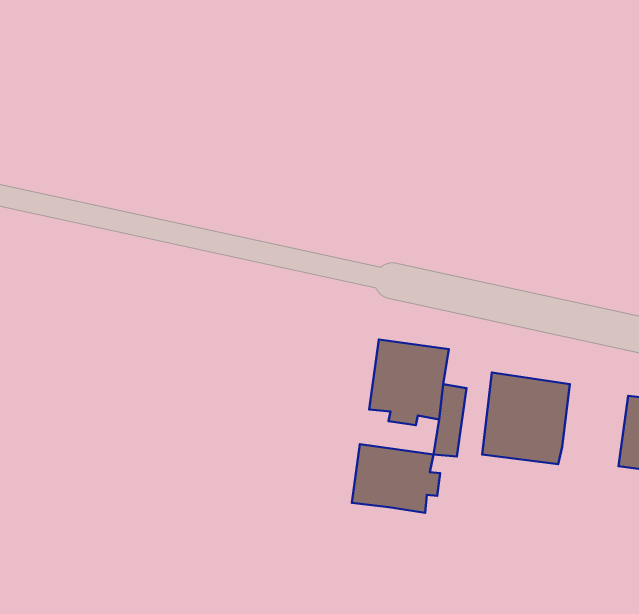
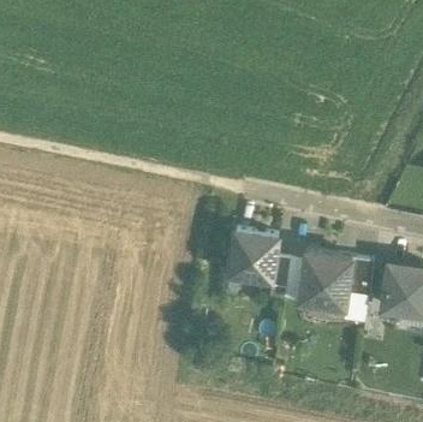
building: none -> [348,256,375,297]
building: [352,444,440,513] -> none

